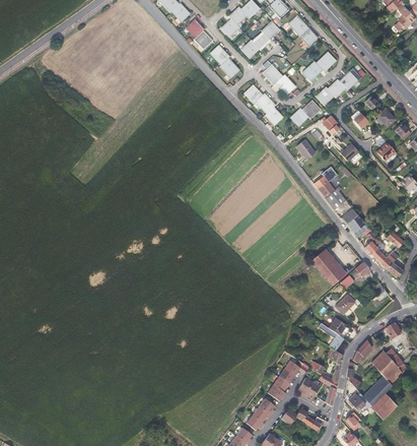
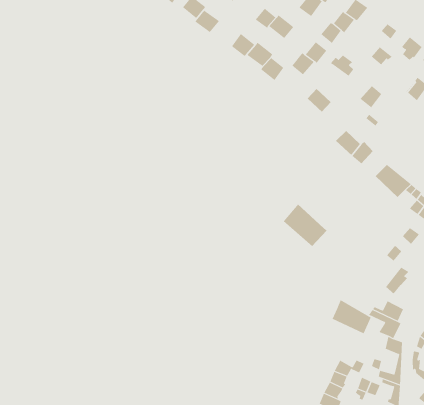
building: [312,248,347,284] -> [283,204,327,247]
building: none -> [332,299,372,334]

